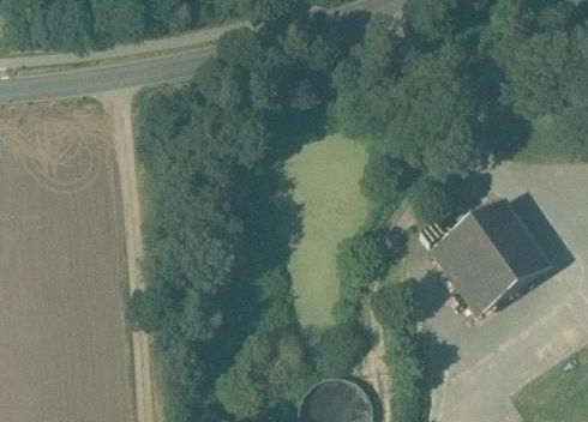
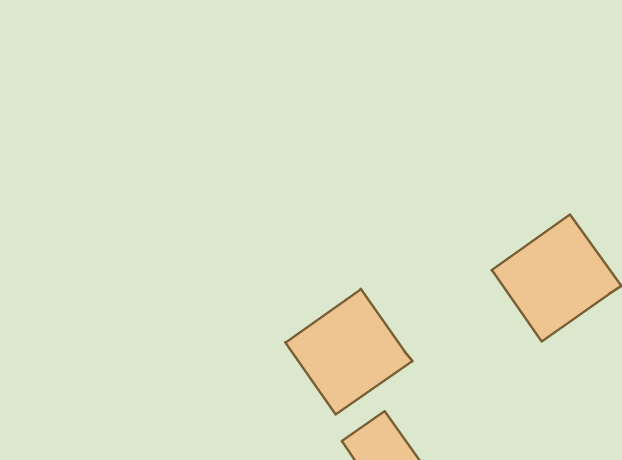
building: none -> [285,289,412,414]

